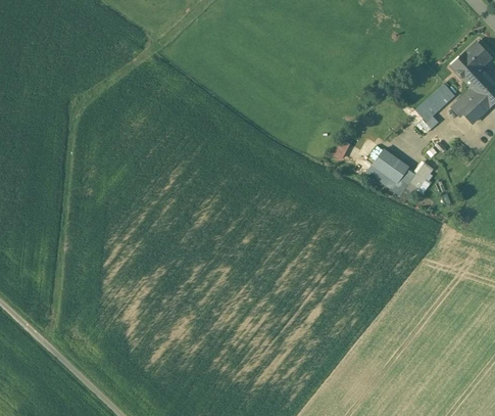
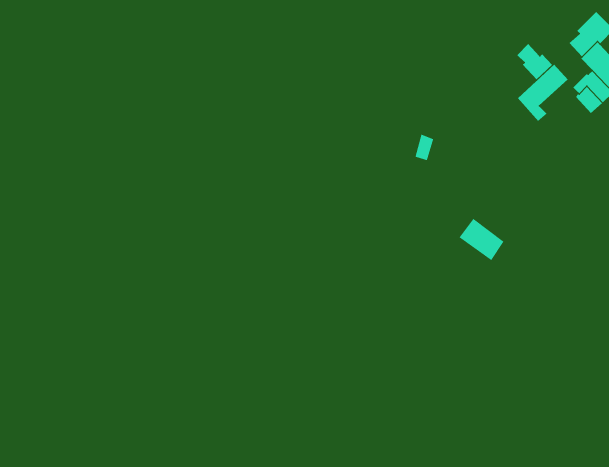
building: none -> [516,43,553,80]
building: [372,148,407,182] -> [459,218,505,261]

